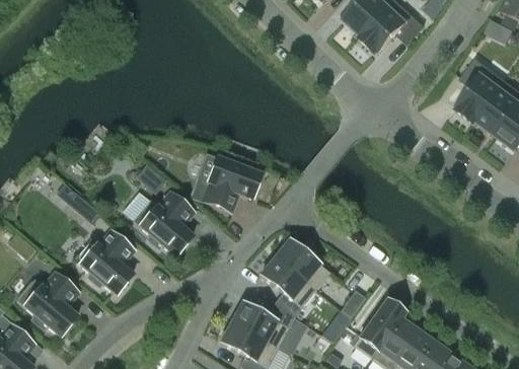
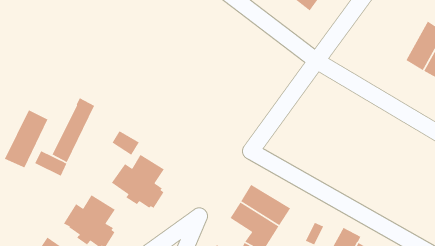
building: [456,57,507,123] -> none
building: none -> [51,97,95,163]
building: none -> [4,109,49,169]
building: [204,156,262,210] -> none

